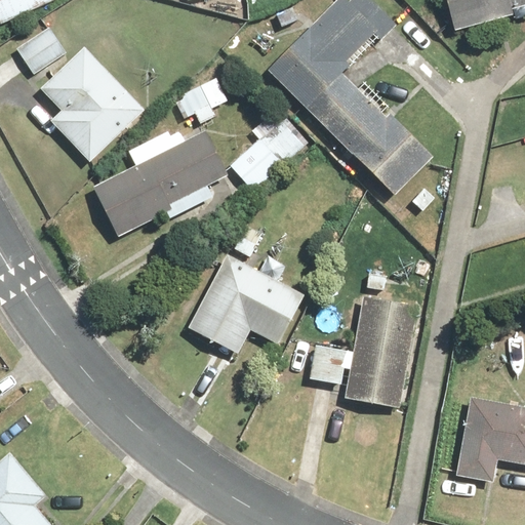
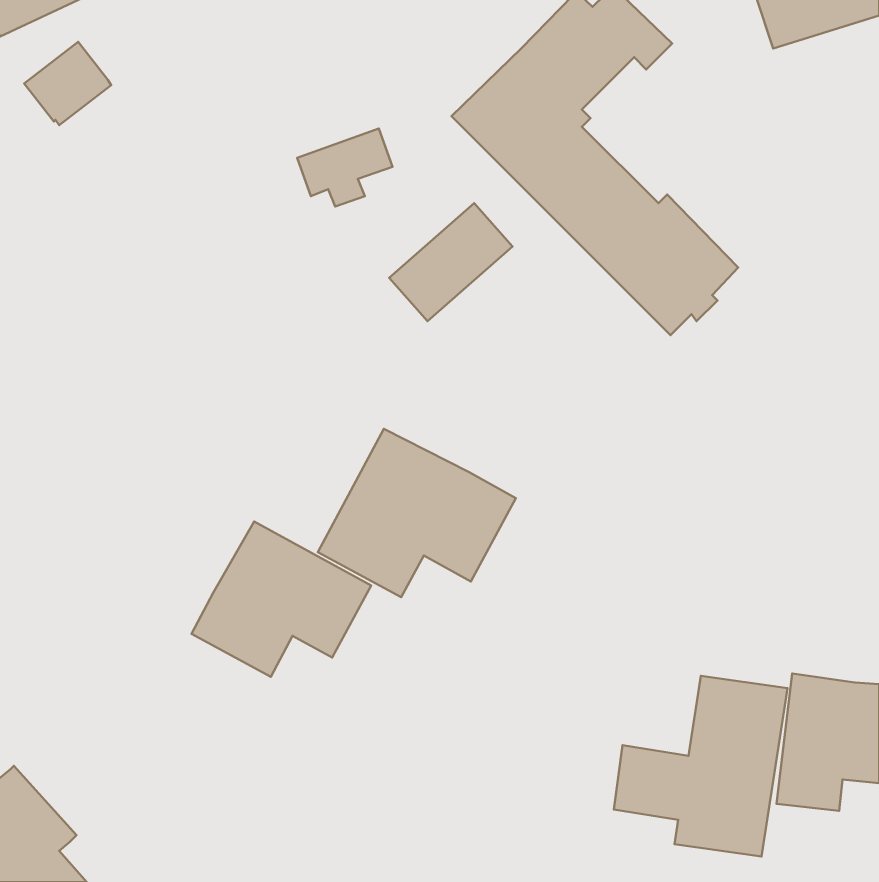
building: [40,45,146,161] -> none
building: [94,127,227,236] -> none
building: [310,299,412,406] -> [614,676,788,856]
building: none -> [191,521,371,677]

